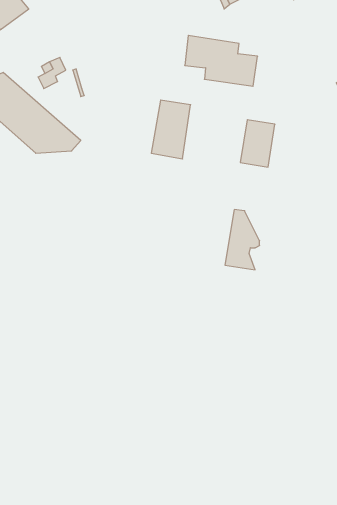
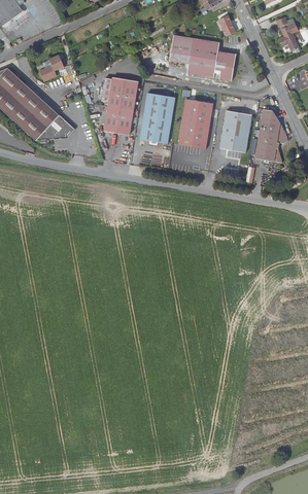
building: none -> [275,17,299,51]
building: none -> [102,76,139,135]
building: none -> [177,99,213,149]
building: [225,210,260,270] -> [255,108,286,162]

